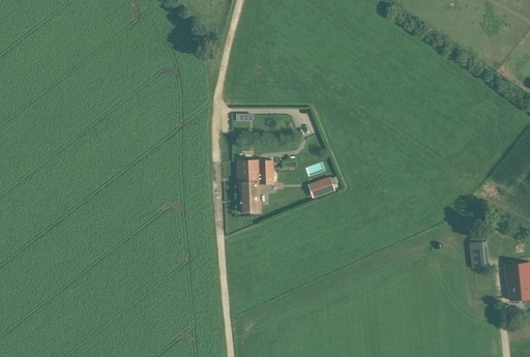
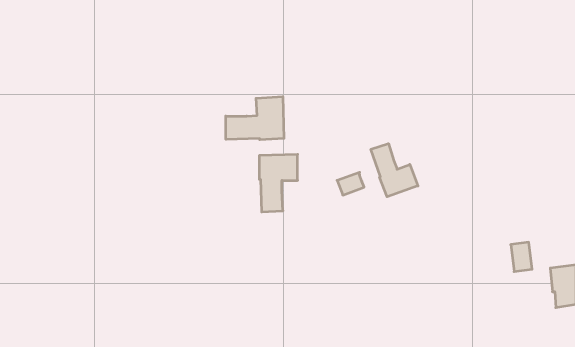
building: none -> [226,97,284,140]
building: none -> [371,144,418,197]

